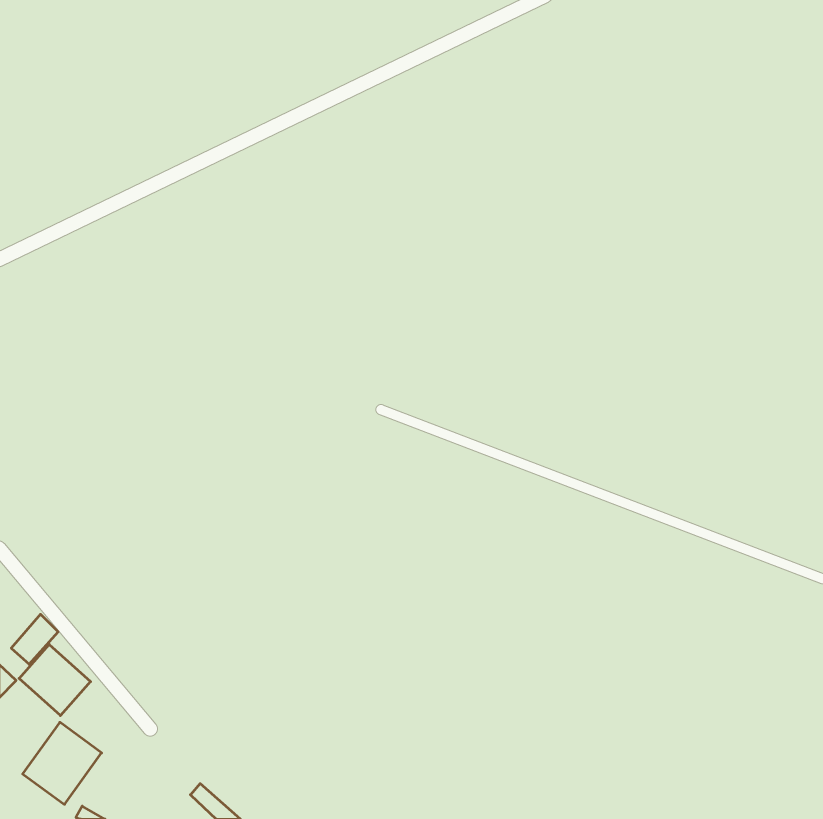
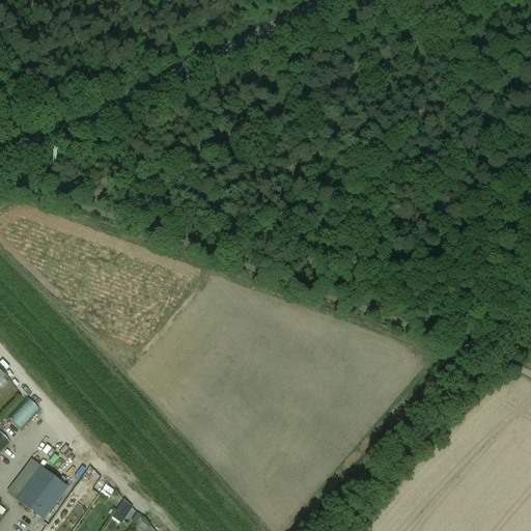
building: [19,644,91,716] -> none

